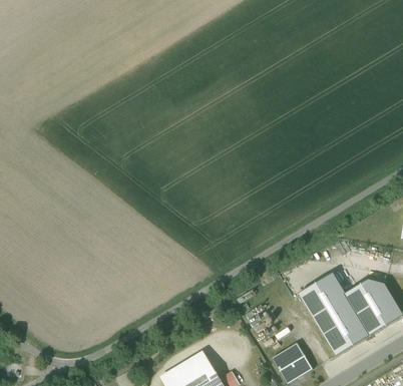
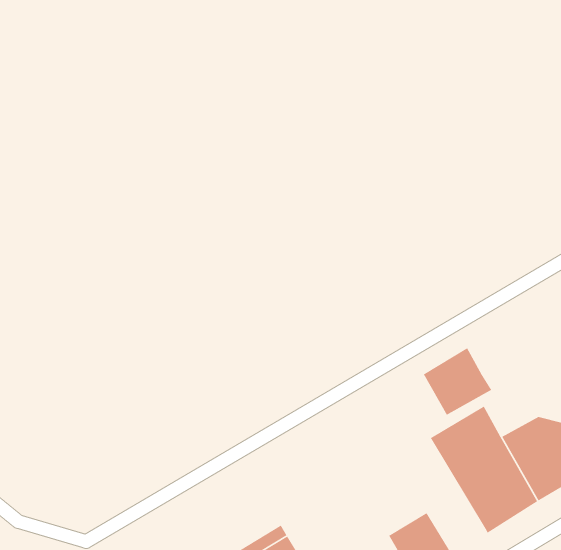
building: none -> [423,347,493,416]

